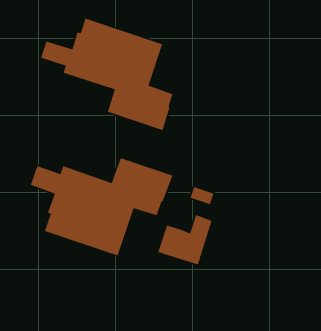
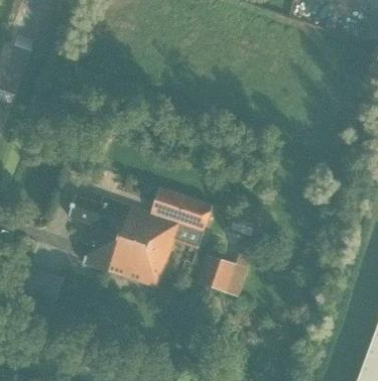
building: [40,18,173,131] -> none

